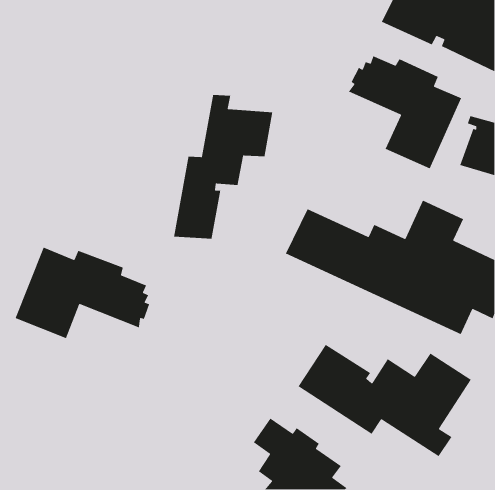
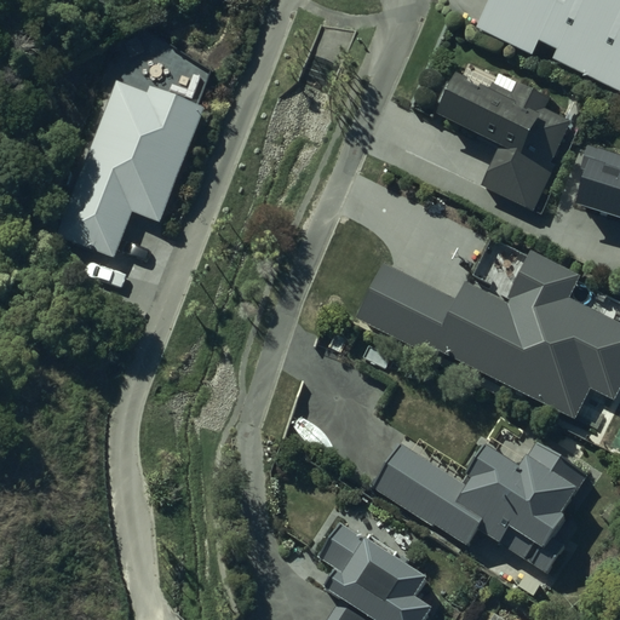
building: none -> [56,78,205,256]
building: [173,94,273,240] -> none
building: [14,247,150,339] -> none

